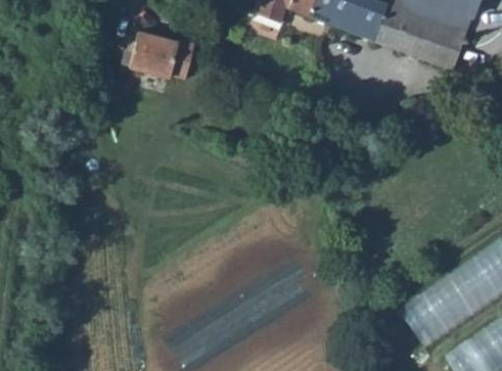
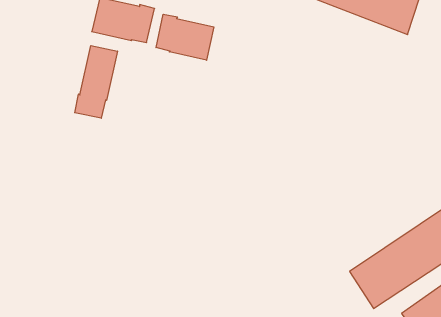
building: none -> [156,14,214,60]
building: none -> [75,46,117,118]

